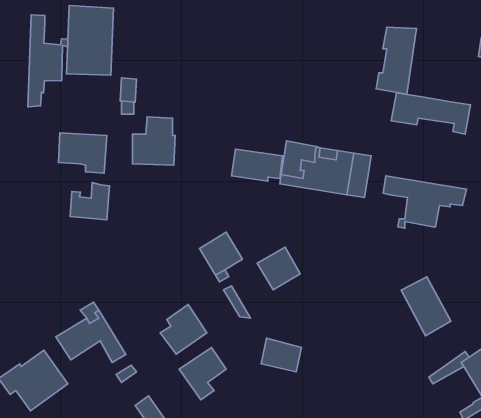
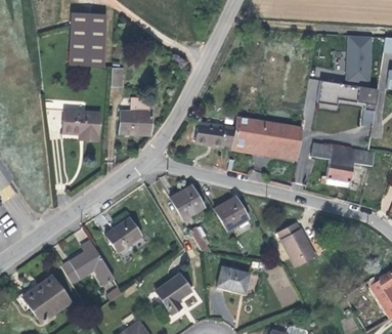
building: [28,15,68,107] -> none
building: [376,27,416,94] -> [341,35,372,86]
building: [70,183,109,220] -> none
building: [401,277,451,336] -> [277,221,315,266]
building: [160,305,207,354] -> [105,213,141,251]

